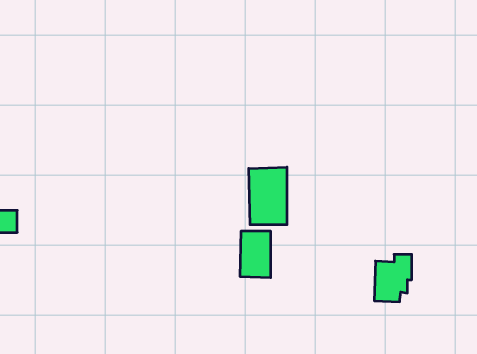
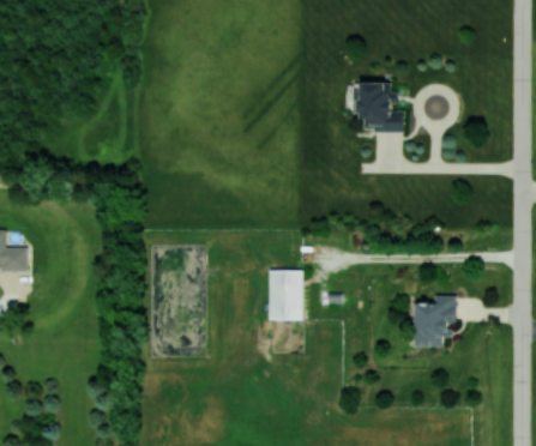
building: none -> [359,83,403,132]
building: [249,167,287,225] -> none

